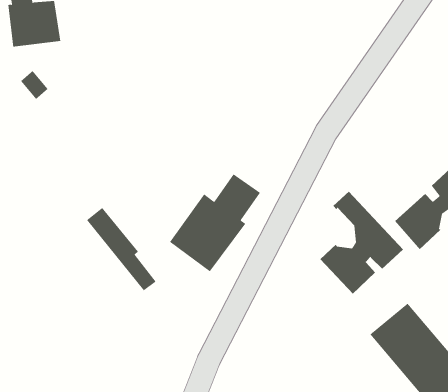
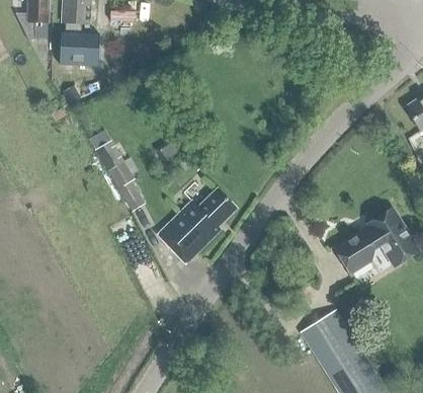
building: [319,191,404,294] -> none
building: [86,207,156,291] -> [95,143,143,213]

